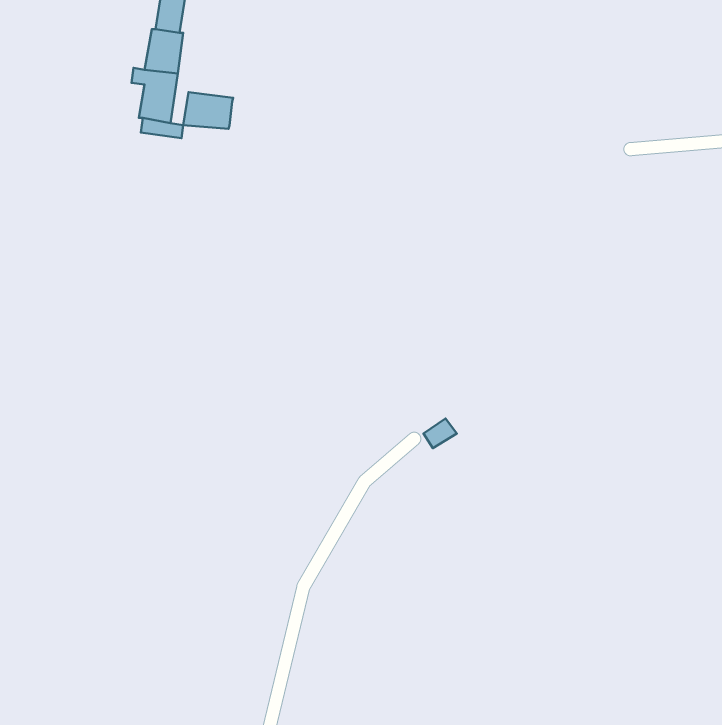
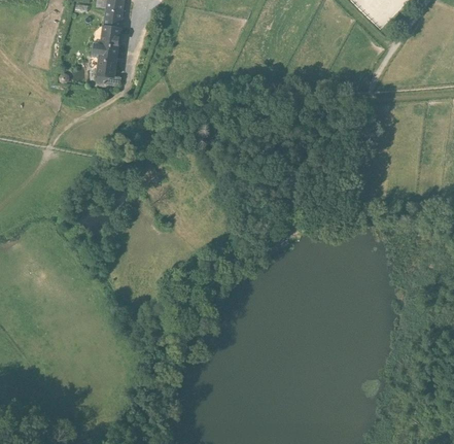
building: [183,92,233,129] -> none

